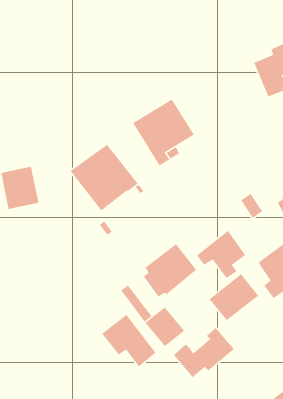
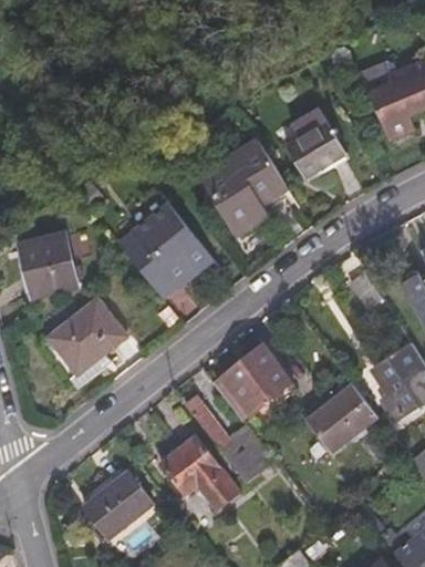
building: none -> [282,126,340,179]
building: none -> [53,301,123,369]
building: [196,230,246,279] -> none
building: [173,327,235,378] -> none
building: none -> [82,471,152,536]

